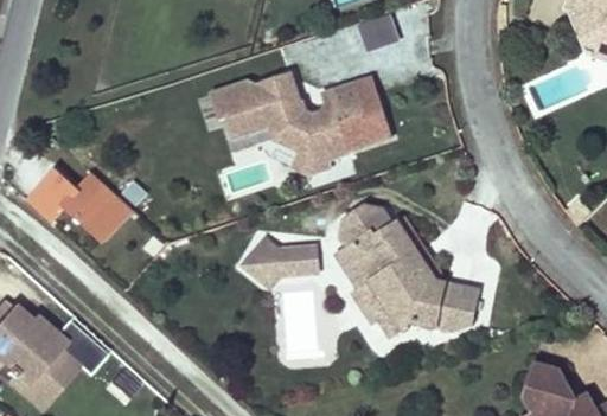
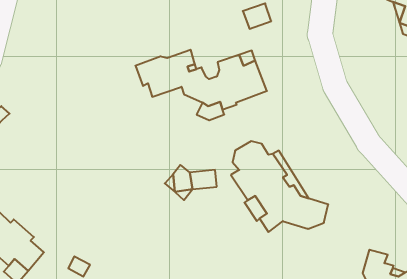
building: [23,167,130,238] -> none

